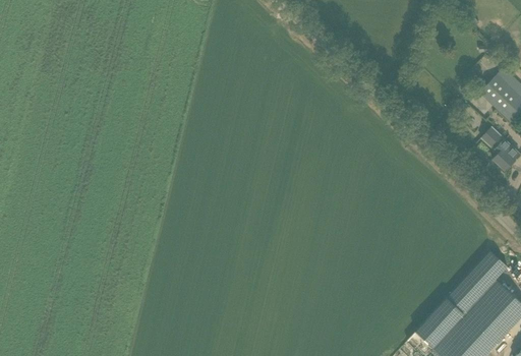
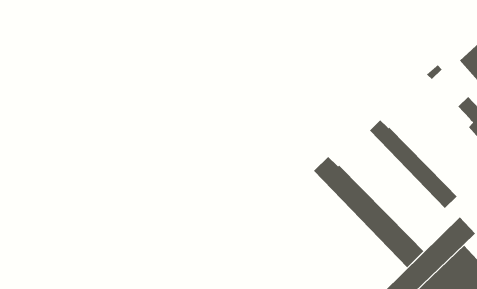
building: none -> [369,120,457,209]
building: none -> [313,156,424,268]

